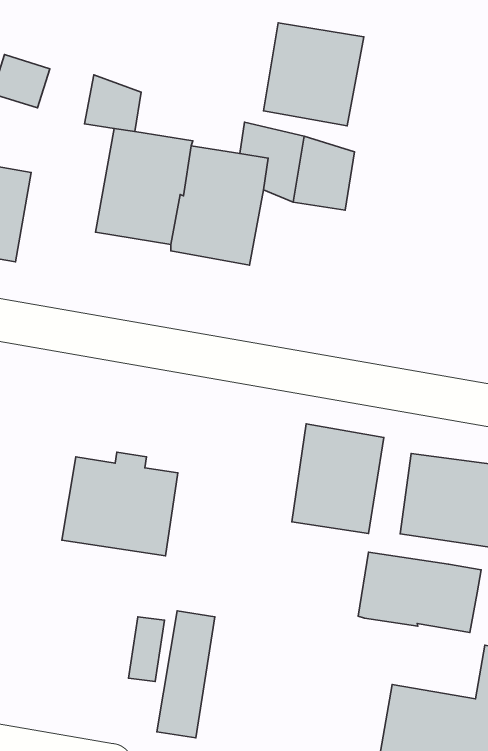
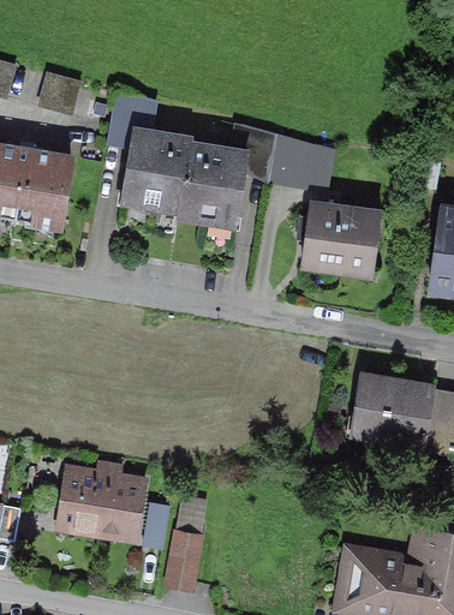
building: [264,23,364,126] -> none
building: none -> [300,201,383,277]
building: [292,424,384,534] -> none
building: [62,452,178,556] -> [55,462,144,542]
building: [358,552,481,633] -> none

